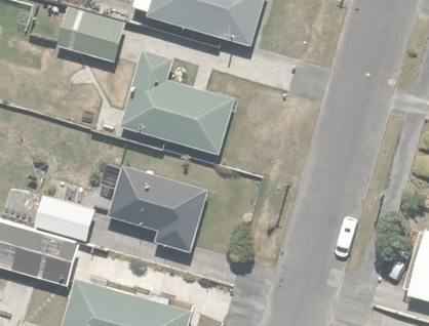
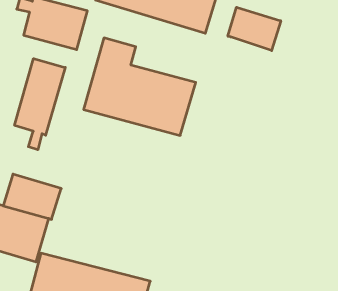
building: none -> [228,7,281,51]
building: none -> [15,59,65,150]
building: [105,161,209,254] -> none

